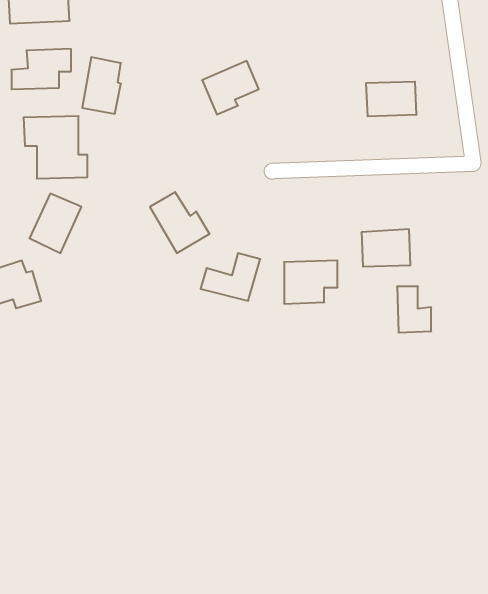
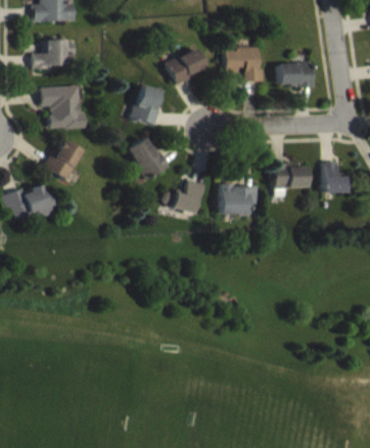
building: [82,57,121,114] -> [133,85,159,124]
building: none -> [222,46,263,82]
building: [397,286,431,333] -> [322,162,345,193]

